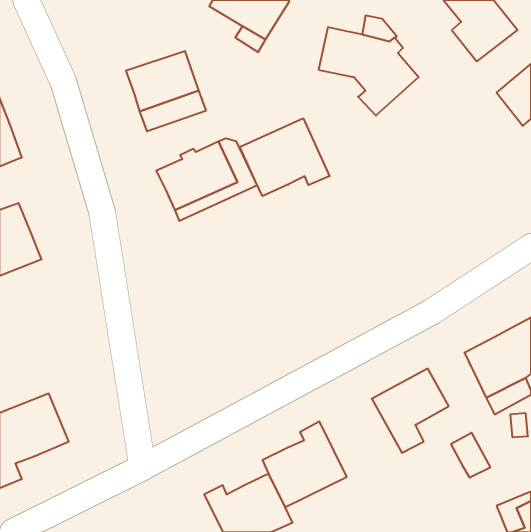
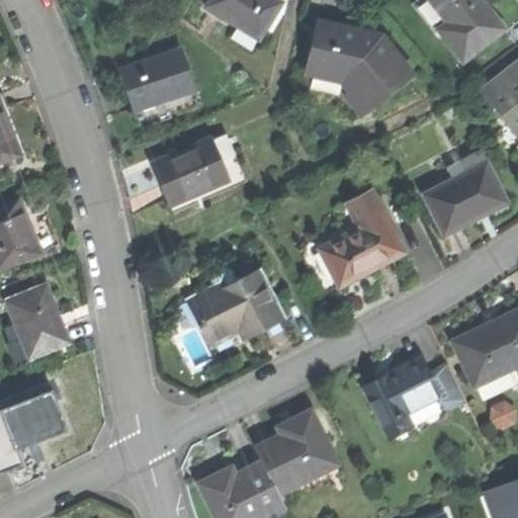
building: [240,118,330,196] -> none
building: none -> [422,164,504,235]
building: none -> [317,194,401,287]
building: none -> [193,267,287,348]
building: none -> [7,283,68,356]
building: [451,433,490,478] -> [425,363,463,407]

